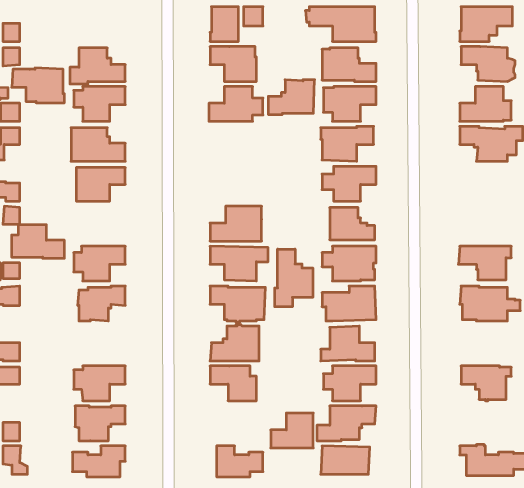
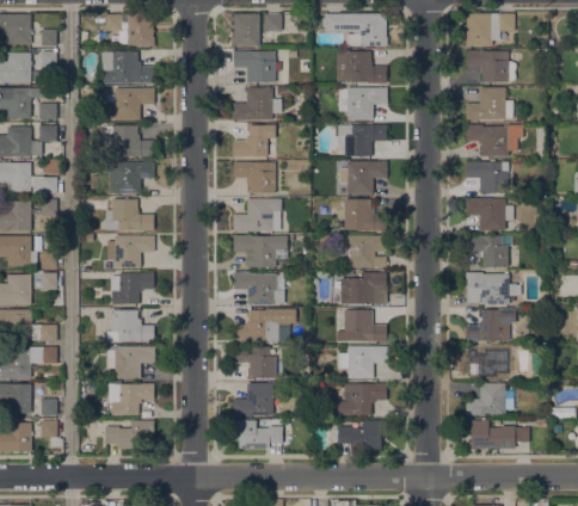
building: [12,68,64,103] -> [105,13,154,45]
building: [268,80,315,114] -> [233,124,276,156]
building: none -> [233,161,275,192]
building: none -> [466,161,511,192]
building: none -> [465,198,514,230]
building: [12,225,64,258] -> [105,199,154,230]
building: [275,249,313,307] -> none
building: none -> [466,309,516,341]
building: none -> [106,310,154,341]
building: none -> [466,383,514,415]
building: [271,413,313,448] -> [233,383,272,415]

